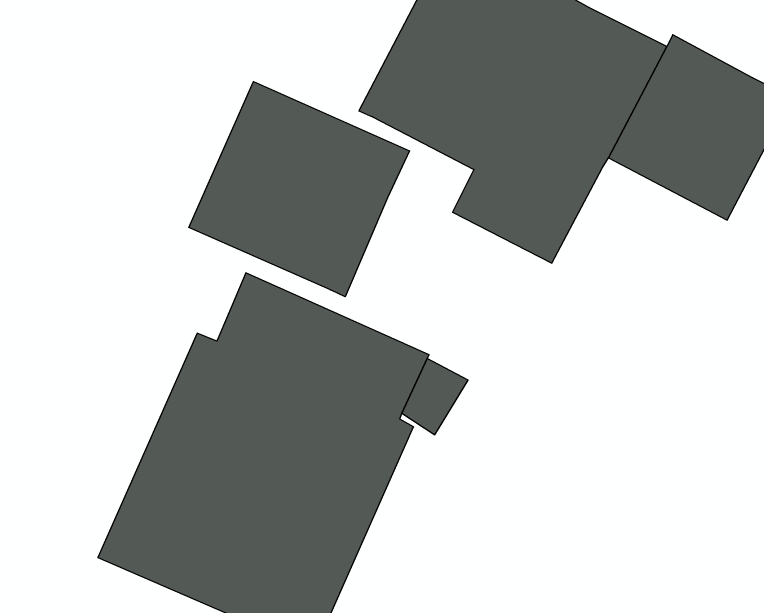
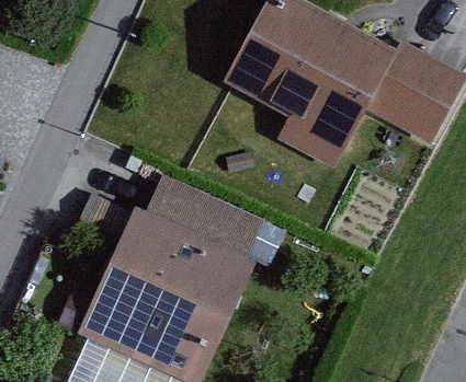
building: [189,82,410,297] -> none

